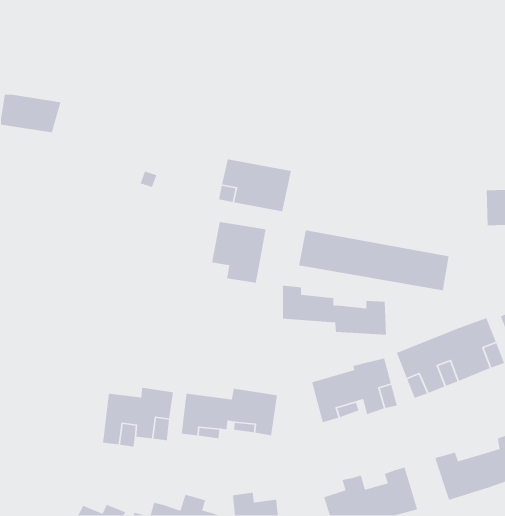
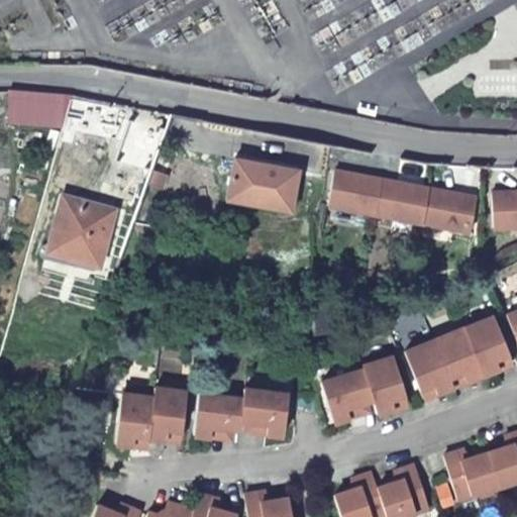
building: none -> [48,205,115,275]
building: [211,221,267,284] -> none
building: [298,230,450,291] -> [329,169,481,230]
building: [282,285,387,336] -> none

